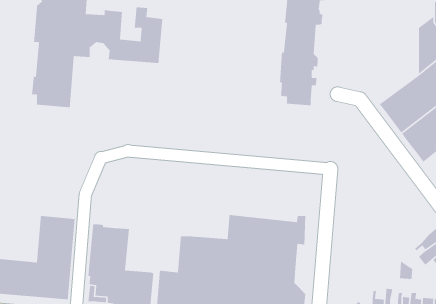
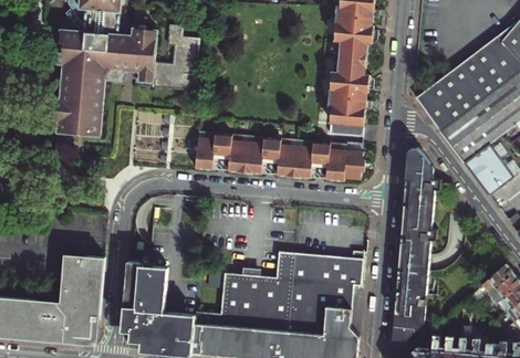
building: none -> [415,48,482,131]
building: none -> [197,130,366,182]
building: none -> [392,147,437,340]

